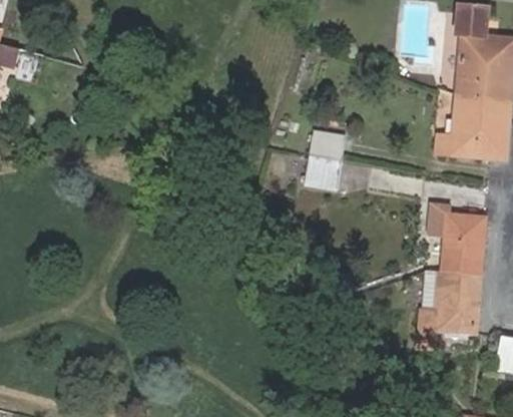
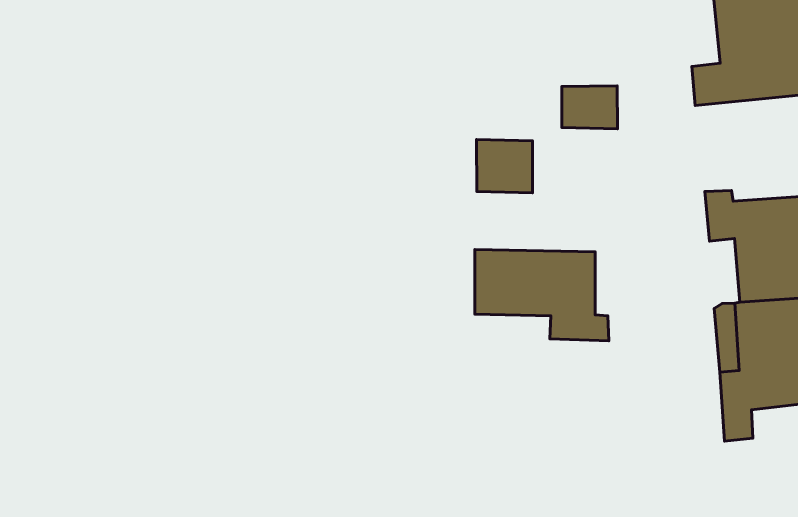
building: [310,129,345,158] -> [562,86,618,129]
building: none -> [475,249,609,341]

